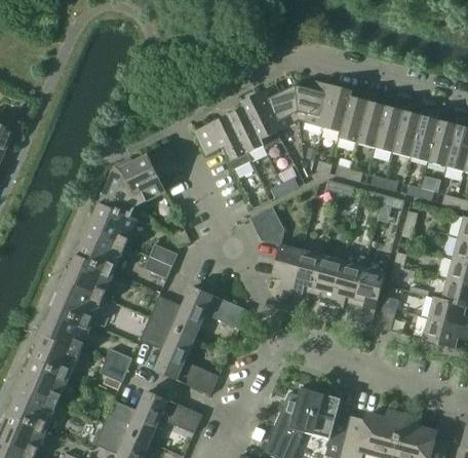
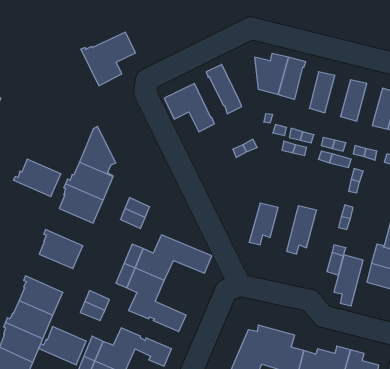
building: [259,84,300,131] -> none
building: [338,97,367,143] -> none
building: [375,106,403,152] -> none
building: [228,107,264,153] -> none
building: [411,115,439,162] -> none
building: [119,144,181,204] -> [81,32,135,86]
building: [249,206,302,294] -> none
building: [313,255,343,304] -> none
building: [61,256,114,298] -> [13,159,61,197]
building: [354,258,387,315] -> [334,255,363,306]
building: [38,307,91,350] -> [39,327,86,365]

